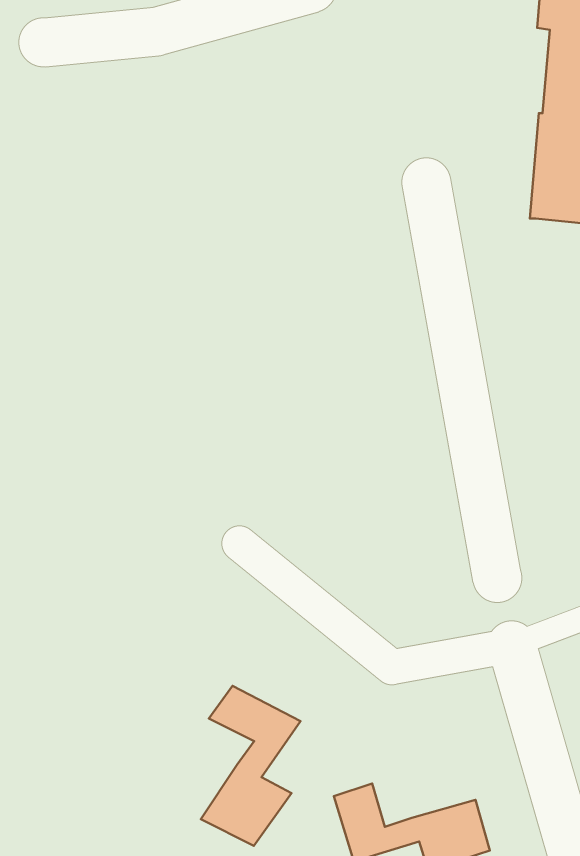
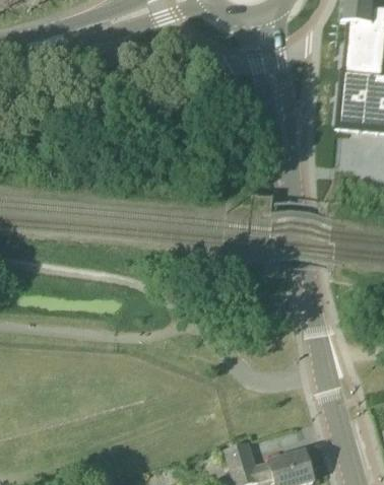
building: [201,686,300,846] -> none

